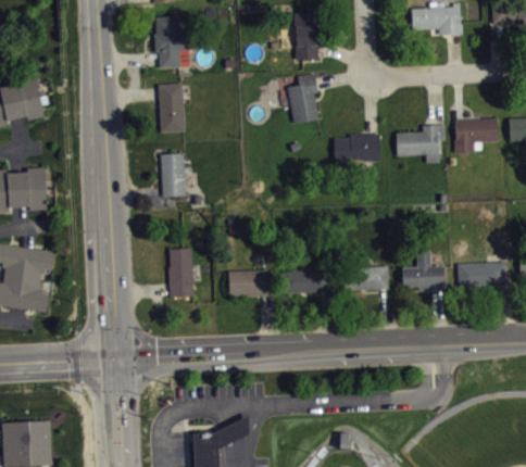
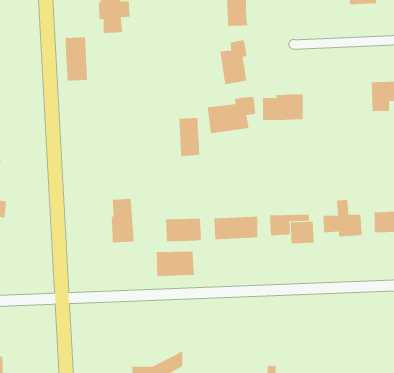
building: [160,84,185,132] -> [65,37,88,81]
building: [396,125,444,163] -> none
building: none -> [207,96,256,134]
building: [161,153,185,197] -> [178,117,200,157]
building: none -> [156,250,194,277]

